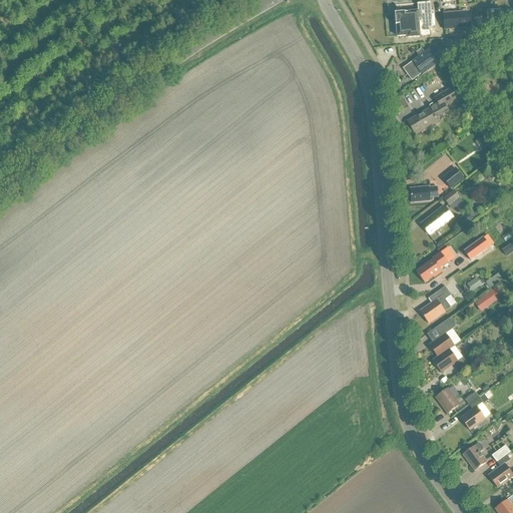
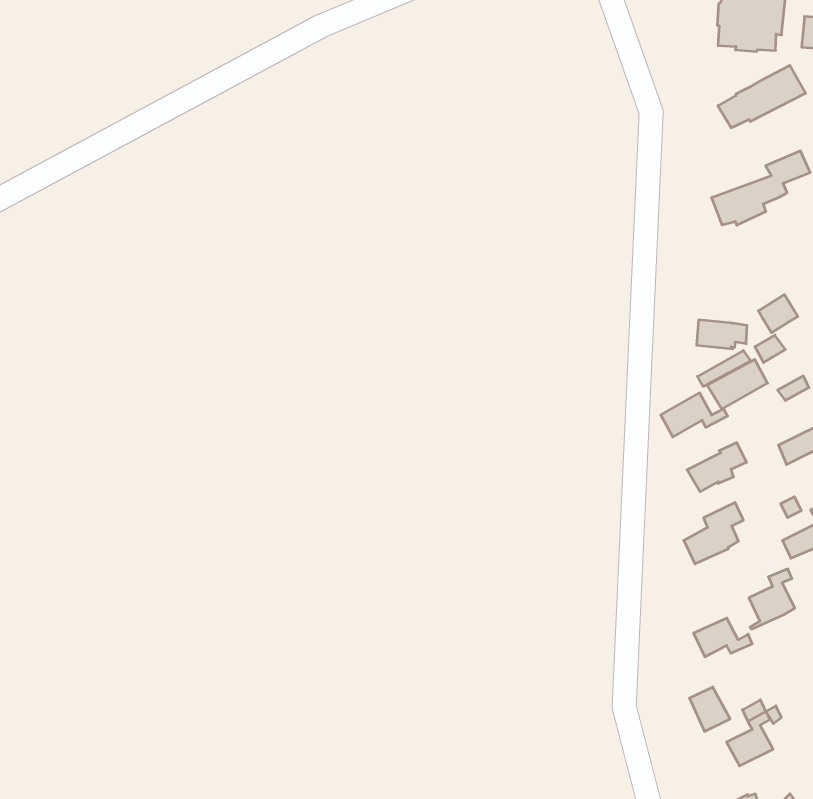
building: none -> [661,393,728,437]
building: [429,324,455,360] -> [749,569,795,629]

